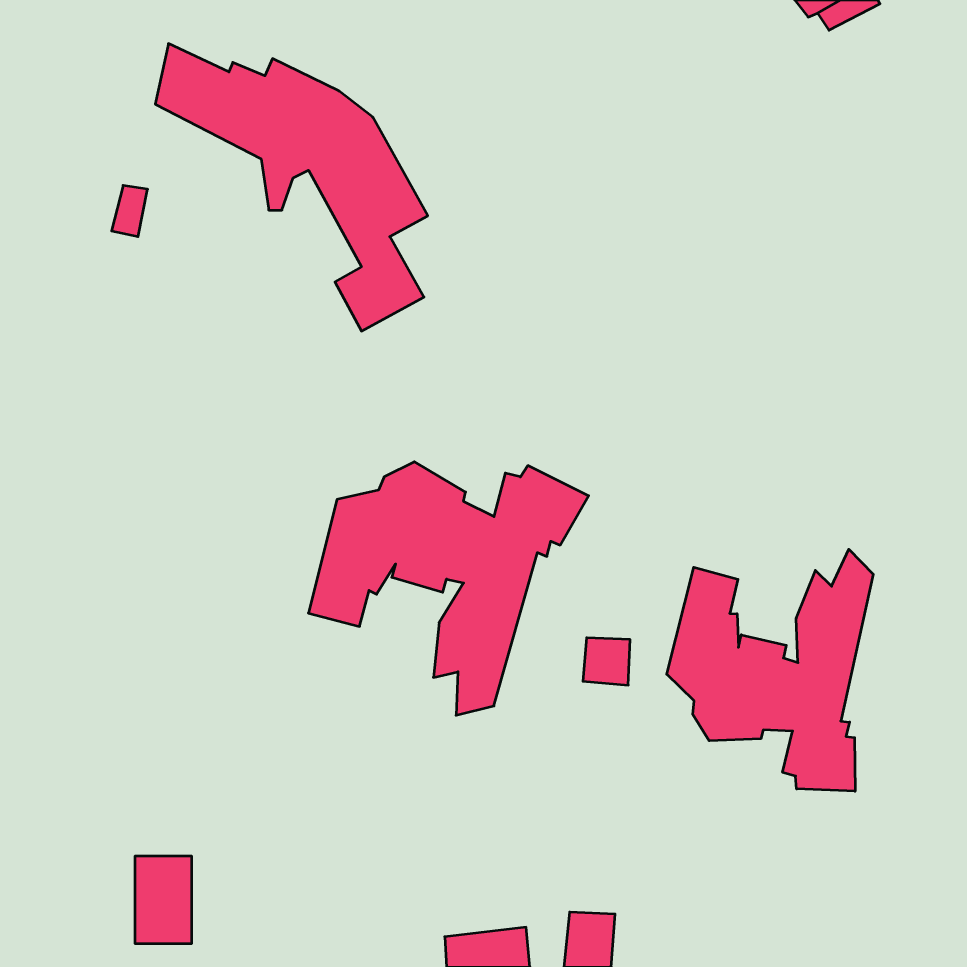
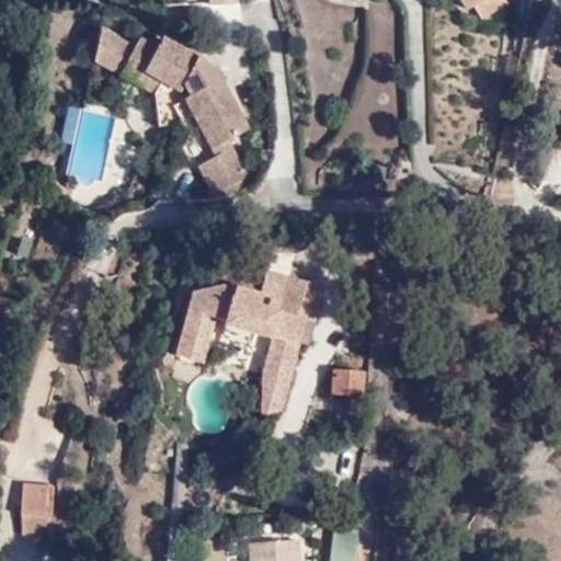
building: [667,549,873,791] -> none
building: [135,856,192,943] -> [19,482,51,533]

